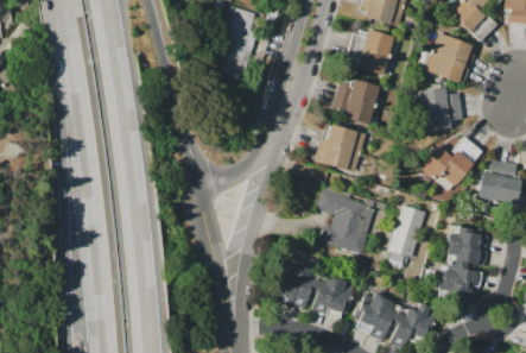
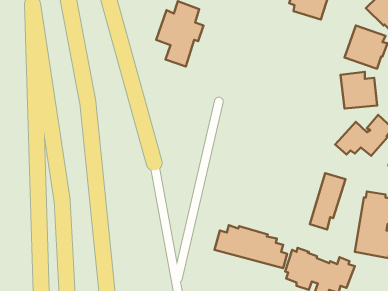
building: [348,30,397,75] -> none
building: [332,78,382,125] -> none
building: [315,122,367,172] -> none
building: [316,189,375,253] -> none

